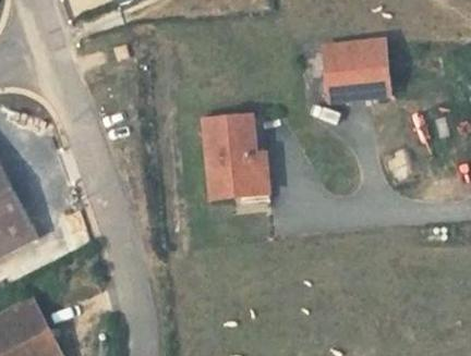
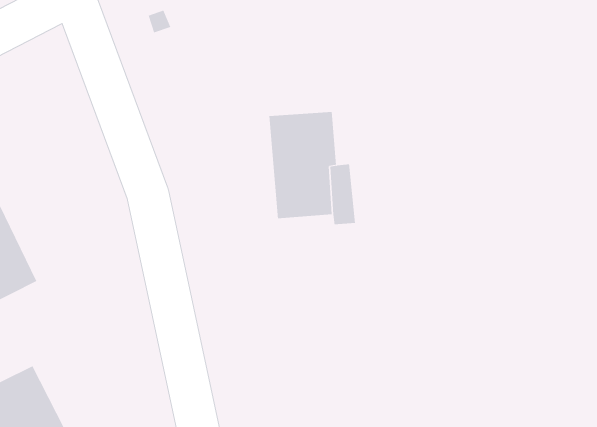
building: [326,40,391,100] -> none

